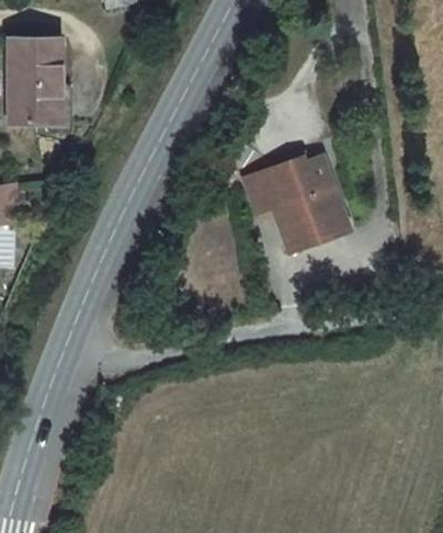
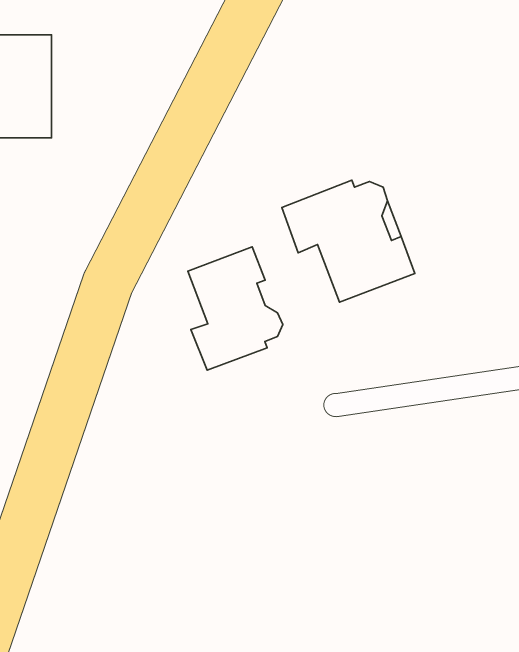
building: none -> [188,247,283,370]

